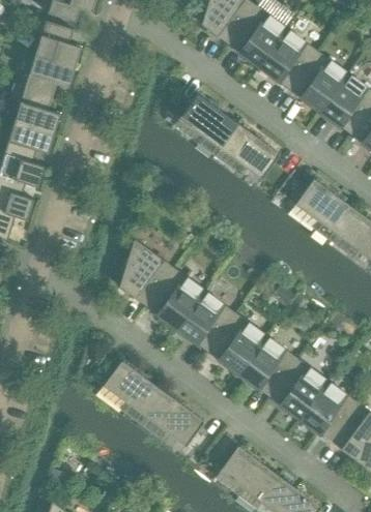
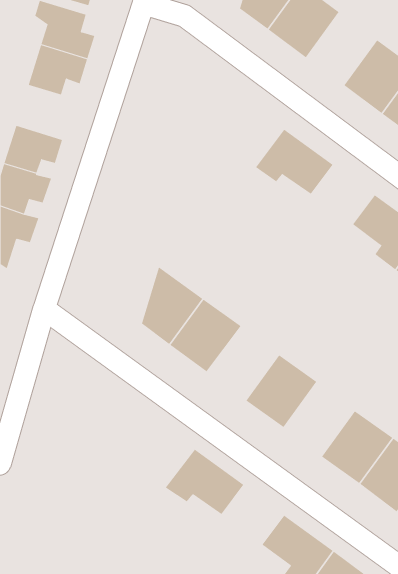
building: [257,27,316,88] -> none
building: [9,84,60,133] -> none
building: [178,93,238,156] -> none
building: [174,289,234,351] -> none
building: [238,335,297,397] -> none
building: [103,360,164,423] -> none

